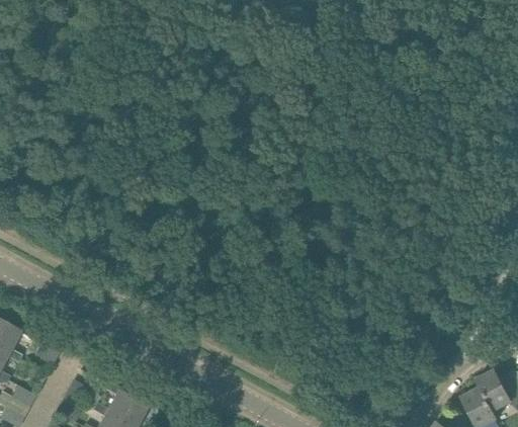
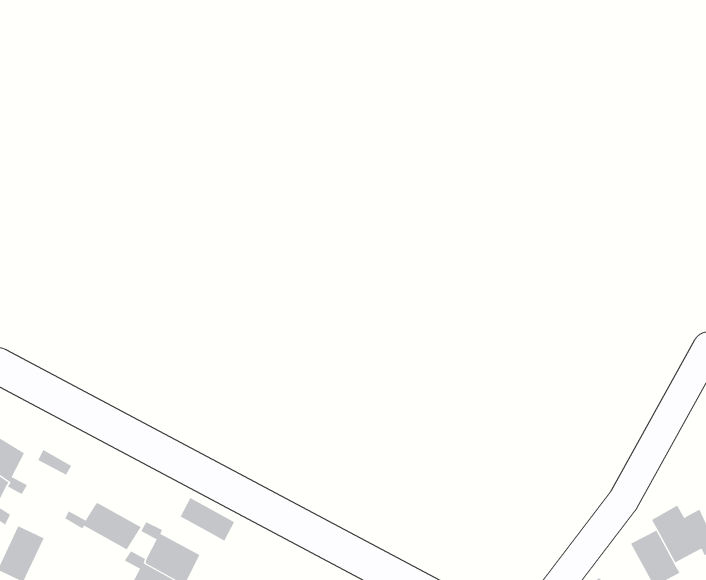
building: none -> [180,497,235,542]
building: none -> [64,502,142,550]

